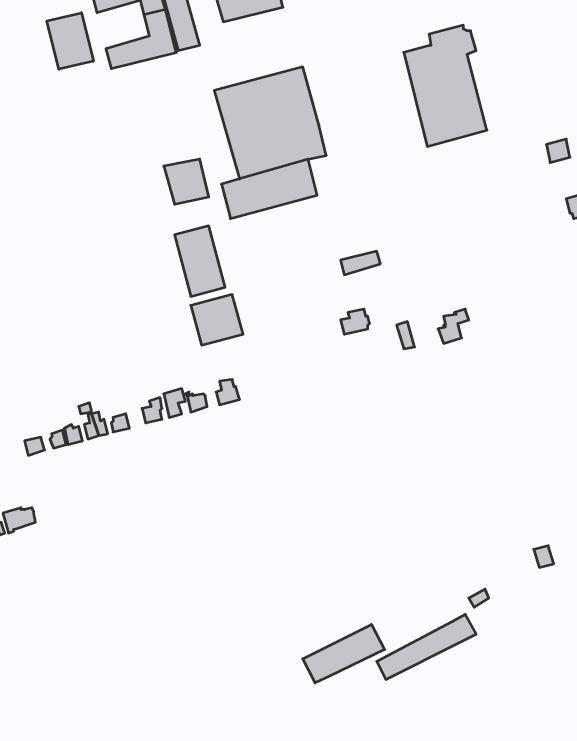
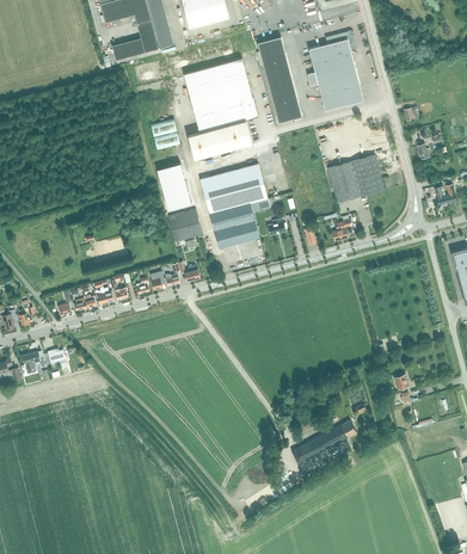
building: [47,13,93,69] -> none
building: none -> [257,37,301,123]
building: none -> [327,155,383,203]
building: none -> [199,164,269,250]
building: [303,624,385,683] -> none

